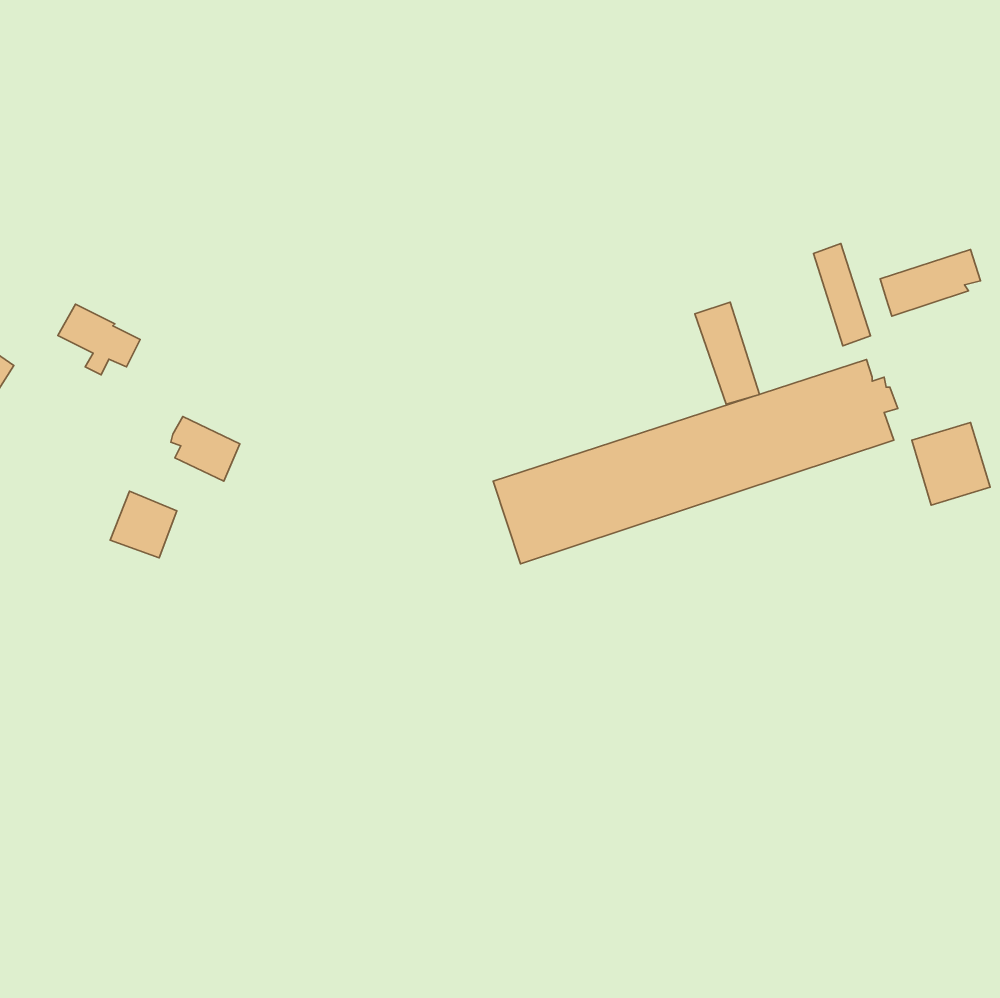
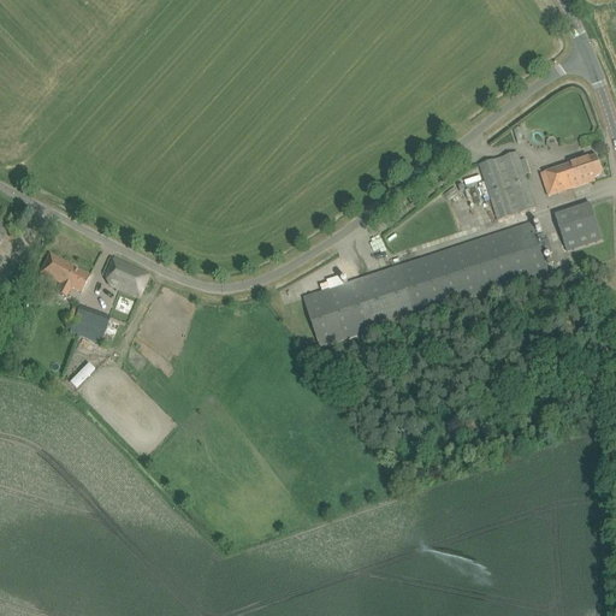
building: [695,302,760,404] -> [476,155,516,218]
building: [58,304,140,375] -> [37,251,88,295]
building: [912,422,990,505] -> [552,203,600,254]

